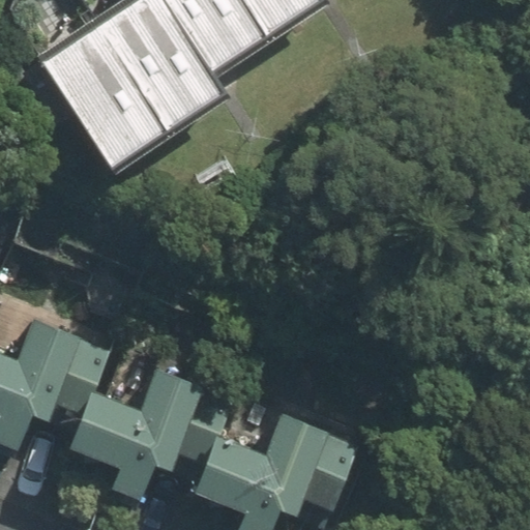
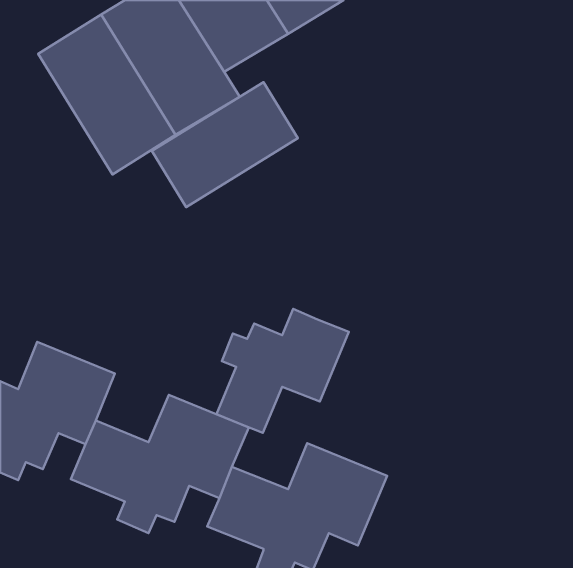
building: none -> [152,82,298,207]
building: none -> [217,309,349,433]

